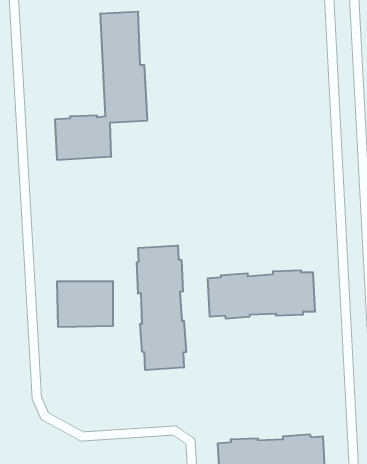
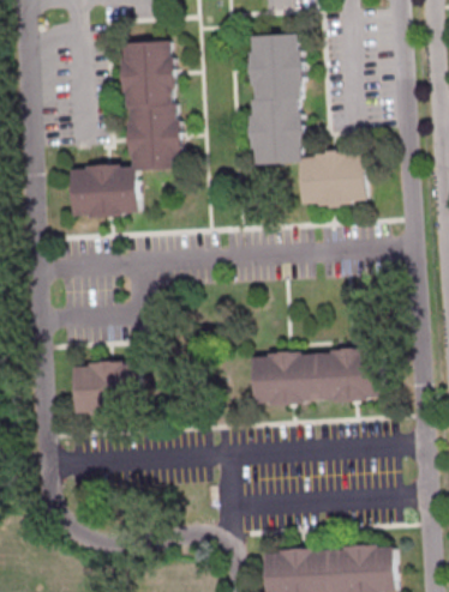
building: none -> [250,34,364,205]
building: [137,245,186,370] -> none

